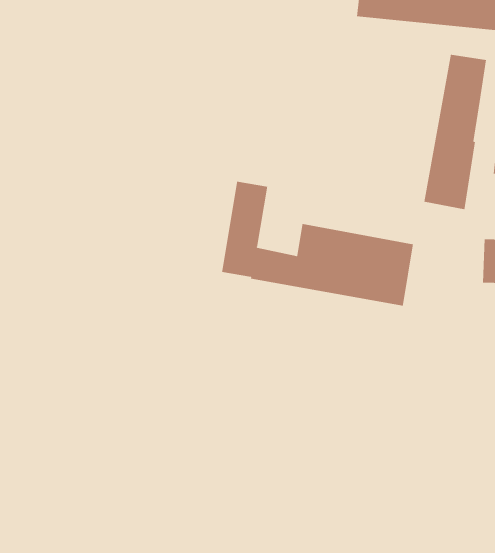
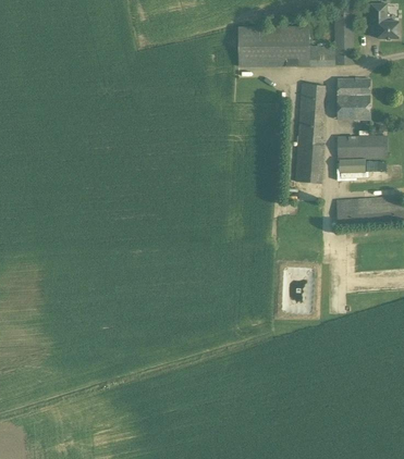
building: [221,181,414,307] -> none

